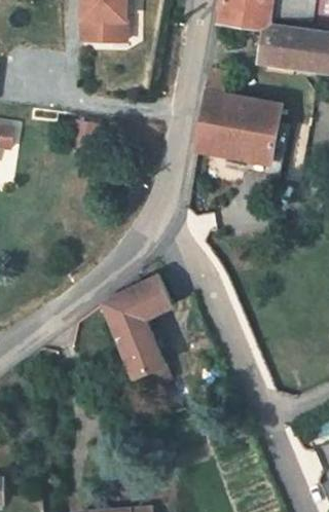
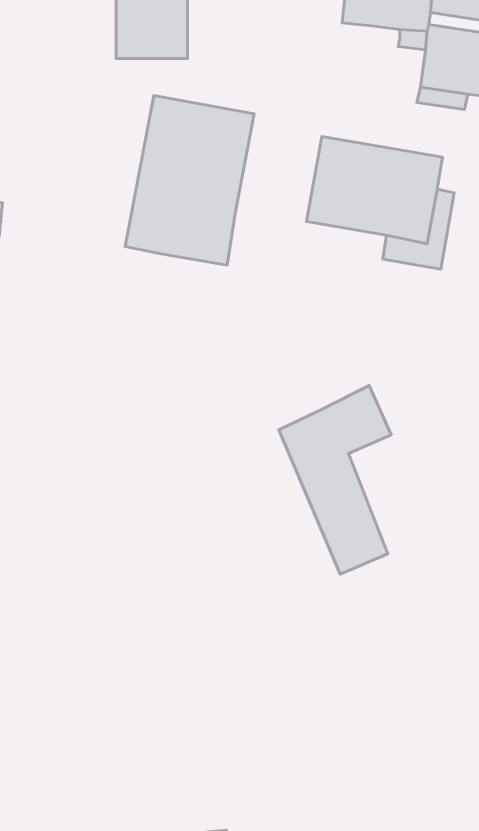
building: none -> [125,96,254,265]
building: [102,276,170,390] -> [279,386,391,574]

